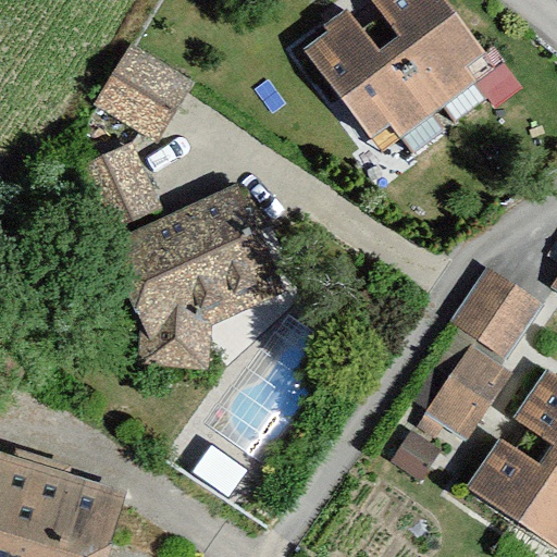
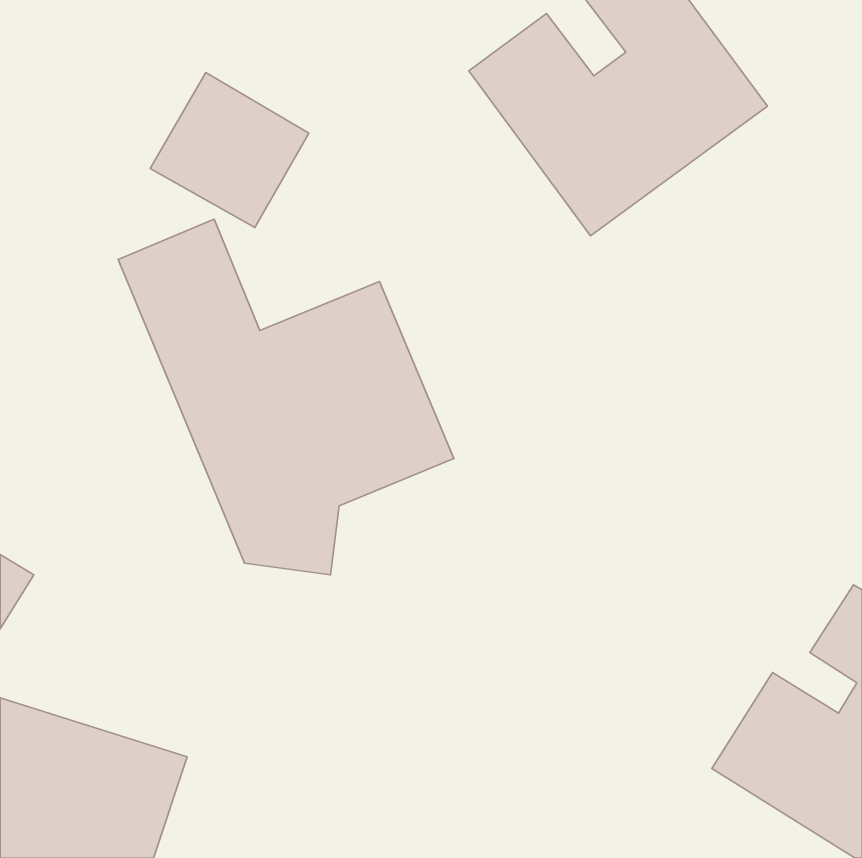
building: [426,263,543,435] -> none

